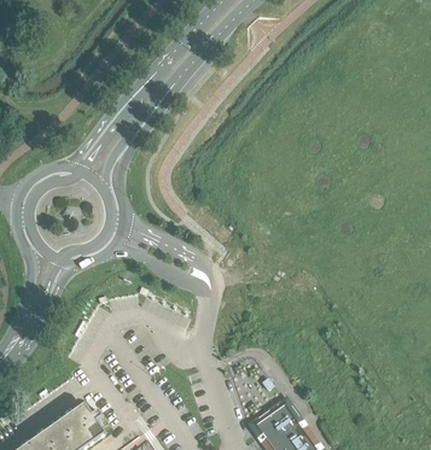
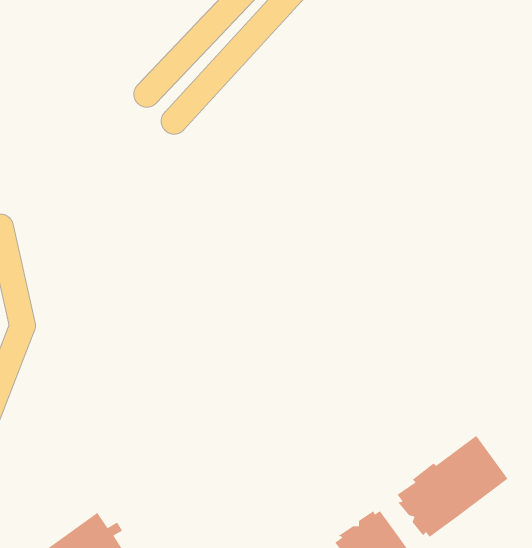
building: none -> [397,436,509,538]

